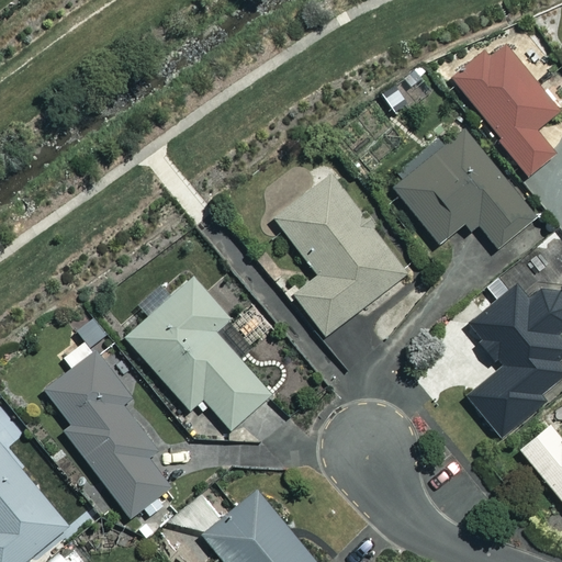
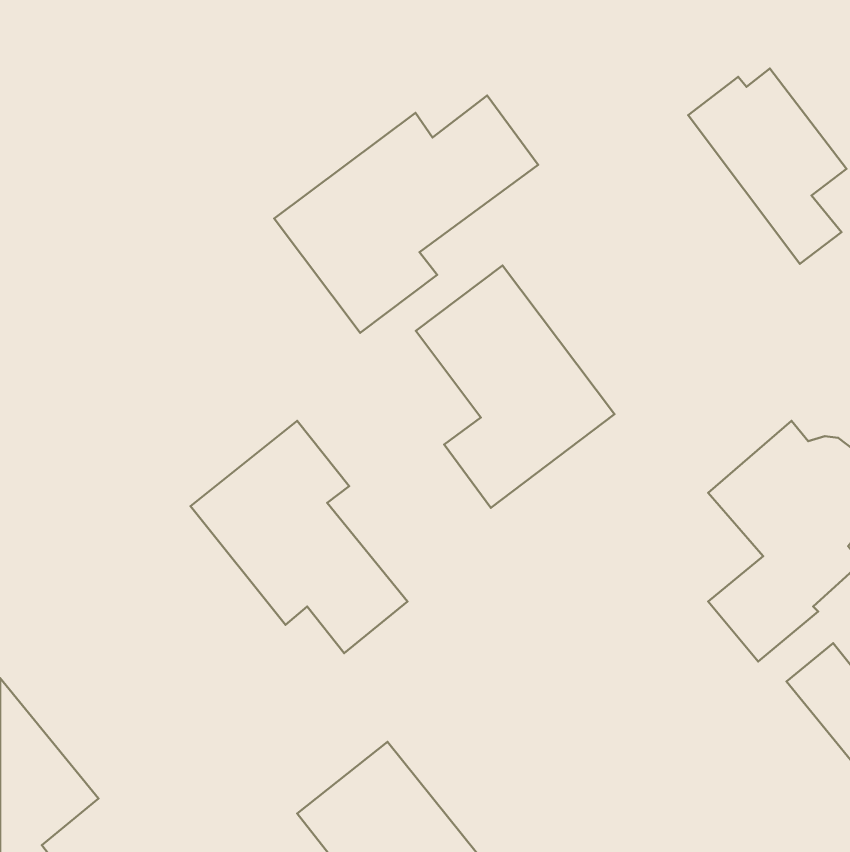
building: none -> [274,95,538,333]
building: [391,125,536,247] -> none
building: [46,340,171,517] -> none

